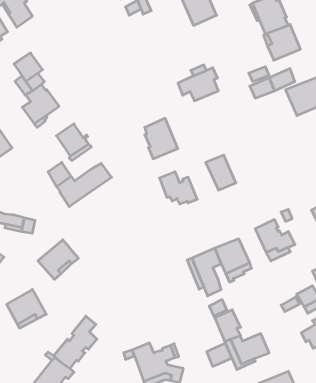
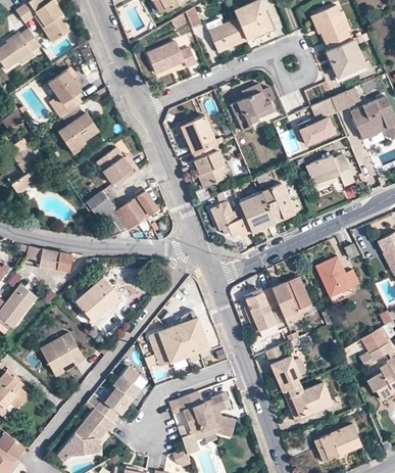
building: none -> [209,16,248,51]
building: none -> [149,40,197,73]
building: none -> [180,114,216,153]
building: none -> [298,119,335,145]
building: none -> [306,153,354,189]
building: none -> [240,193,276,233]
building: none -> [149,311,208,365]
building: [207,343,232,366] -> none

